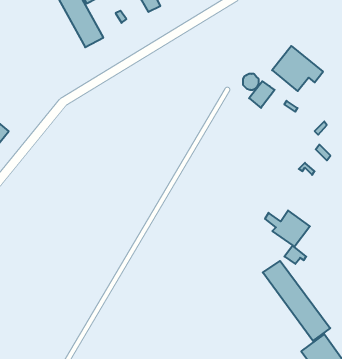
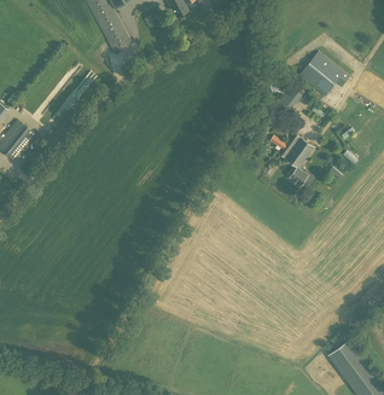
building: [265,210,310,264] -> [270,132,315,185]
building: [263,261,330,341] -> none

